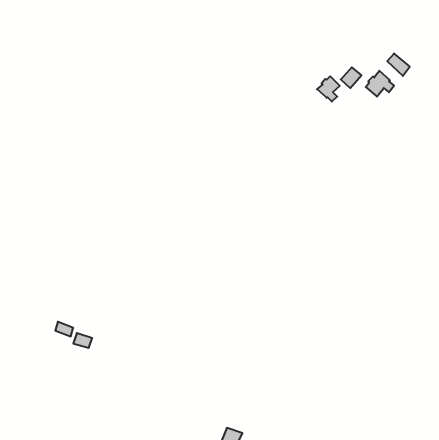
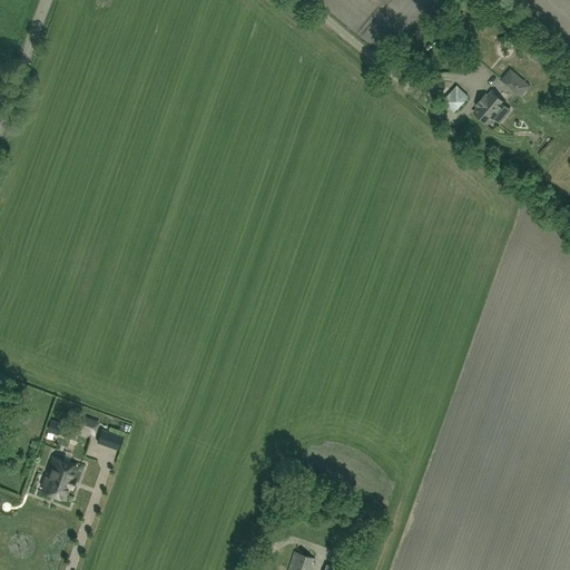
building: [317,76,340,102] -> none
building: none -> [41,460,75,500]

